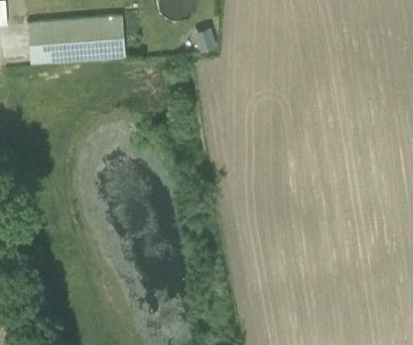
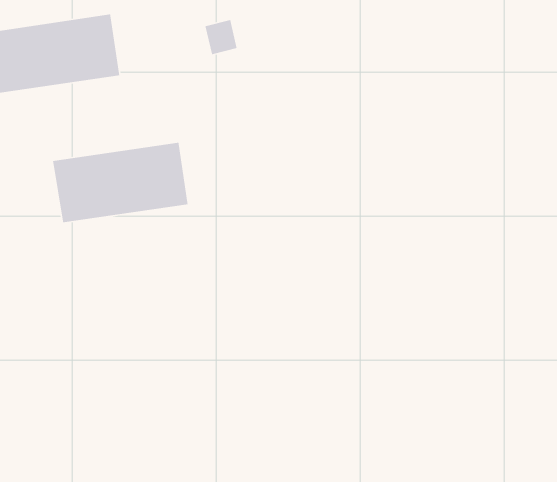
building: none -> [52,142,188,223]

